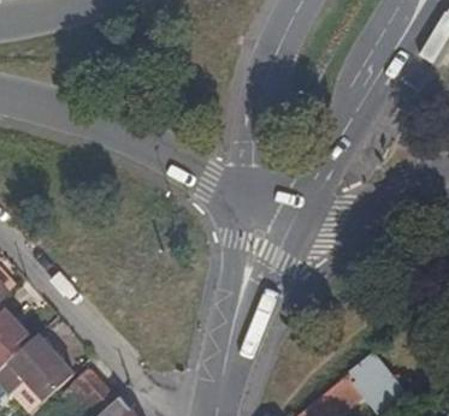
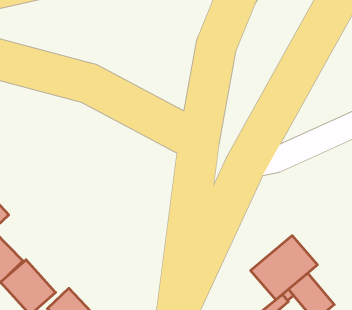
building: none -> [251,236,317,300]

